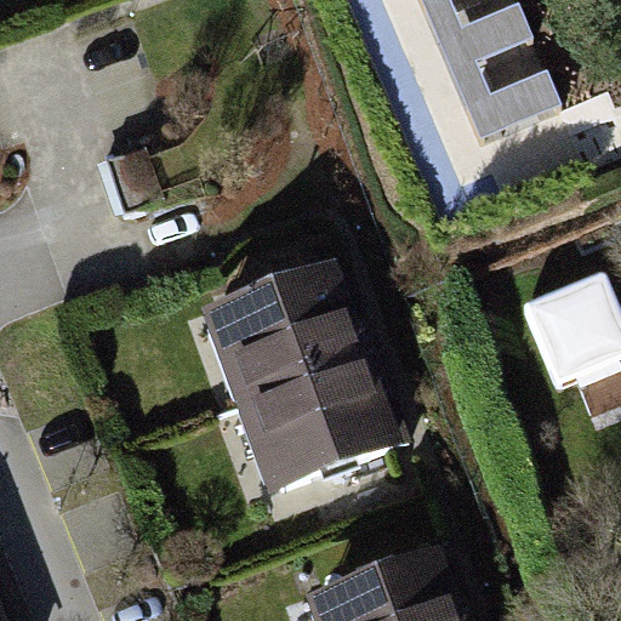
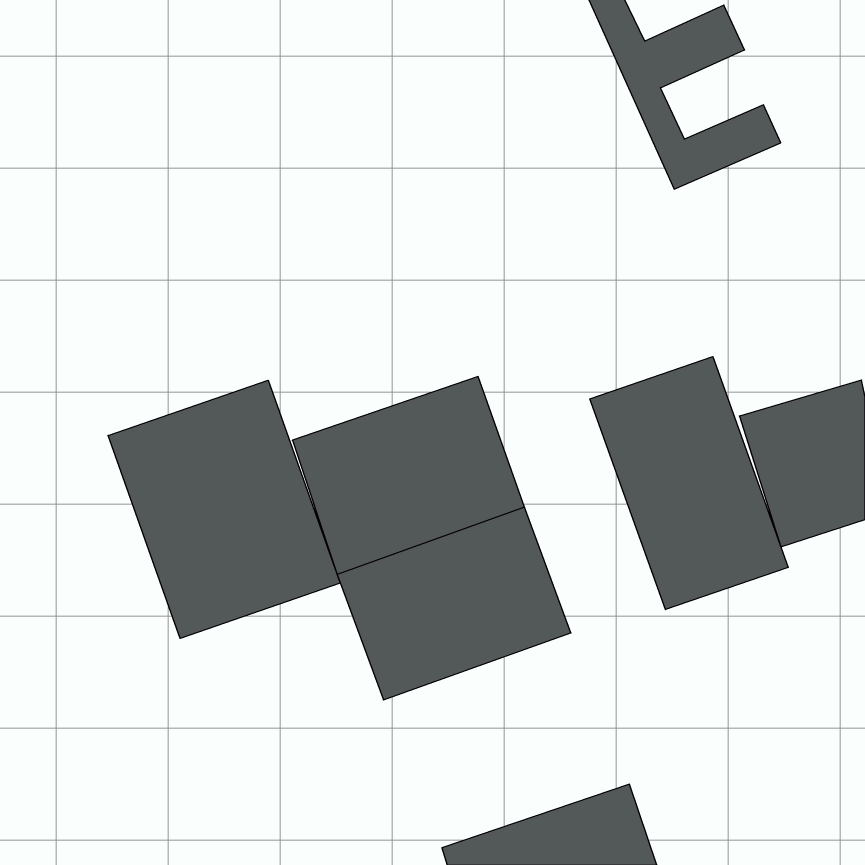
building: none -> [590,357,788,610]
building: none -> [108,380,340,638]

